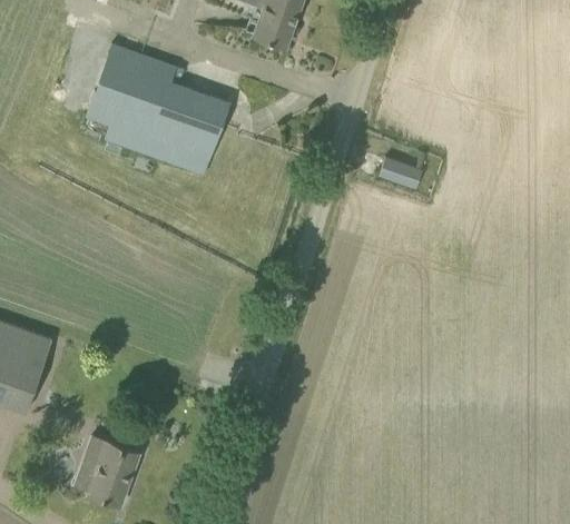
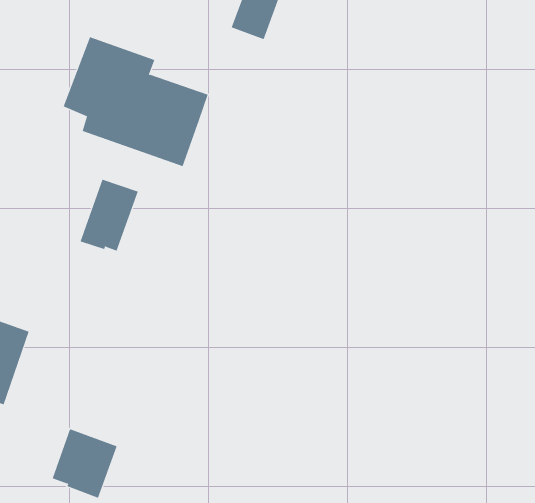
building: [380,157,422,189] -> none
building: none -> [80,179,139,251]

